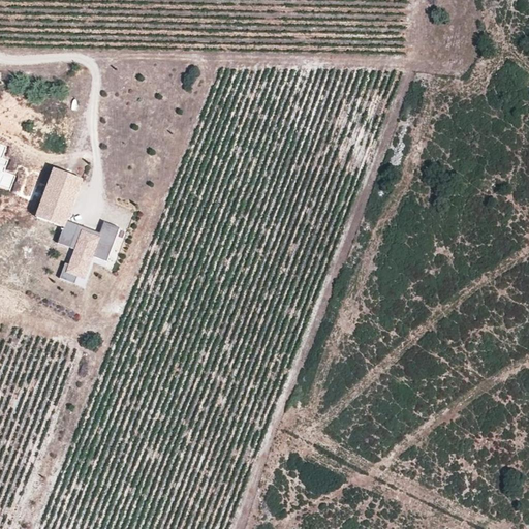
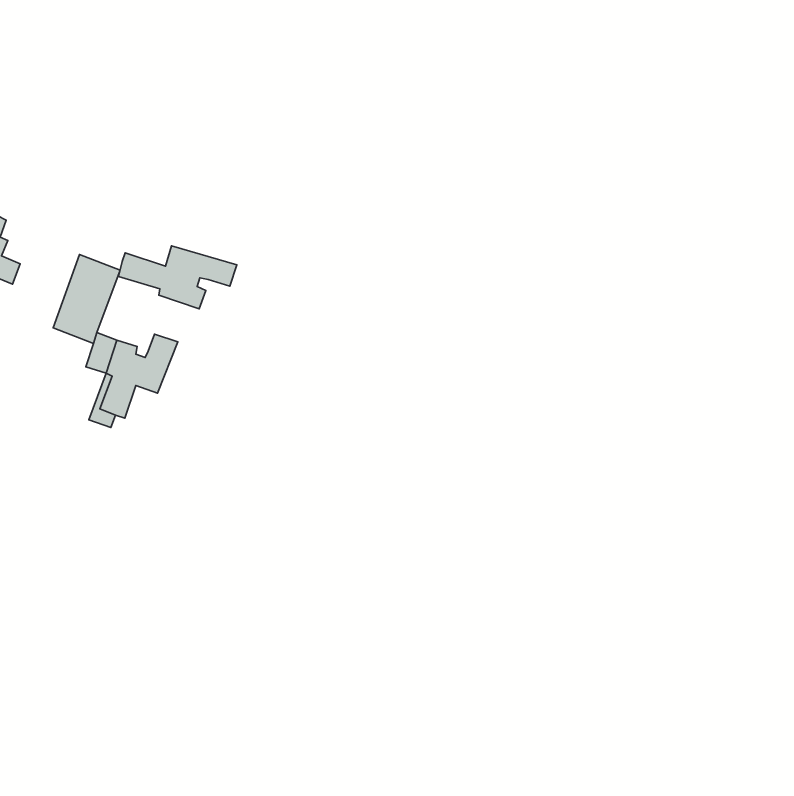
building: none -> [119,246,237,309]

